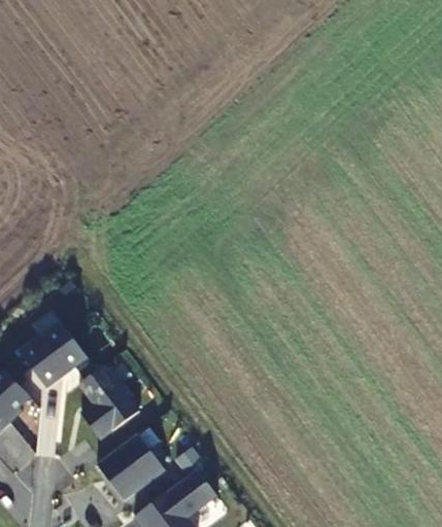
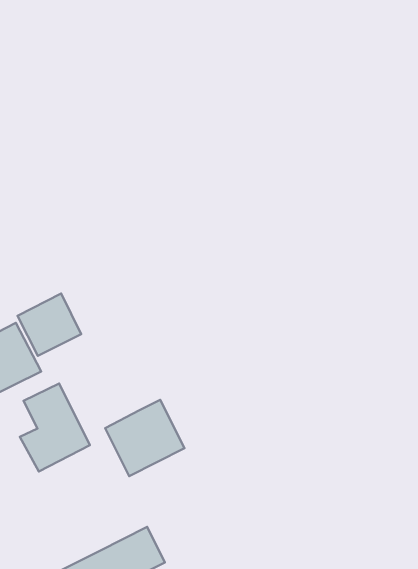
building: none -> [18,293,81,356]
building: [97,434,165,501] -> [105,400,184,476]

